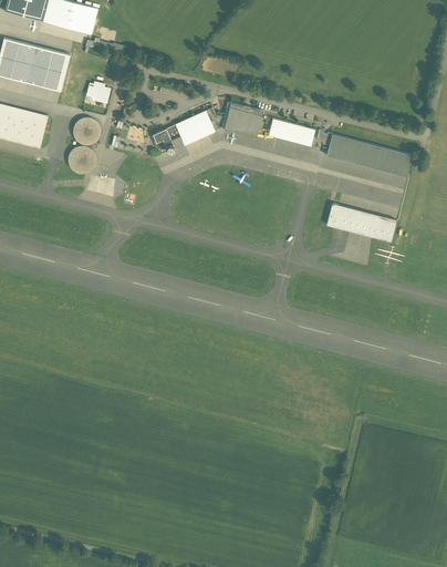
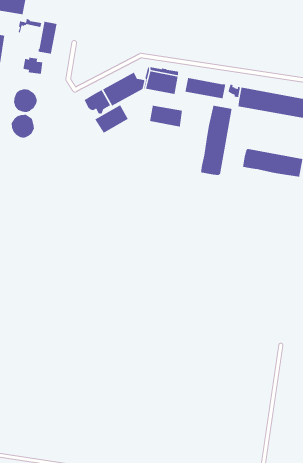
building: none -> [38,21,57,55]
building: none -> [94,104,129,134]
building: none -> [149,105,183,128]
building: none -> [200,105,233,176]

